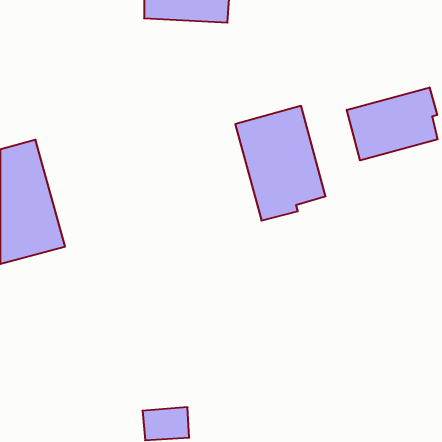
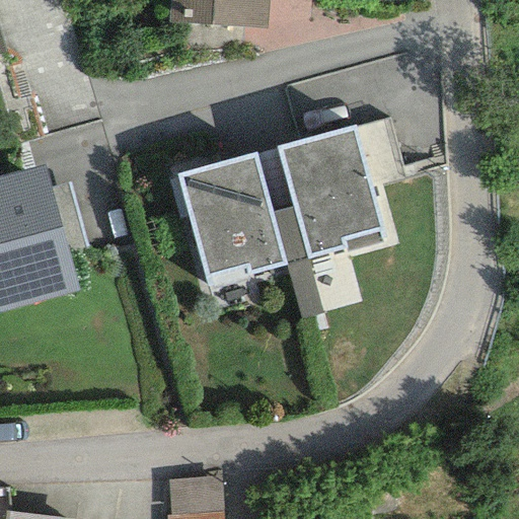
building: [347,87,438,160] -> none
building: none -> [177,152,288,277]

